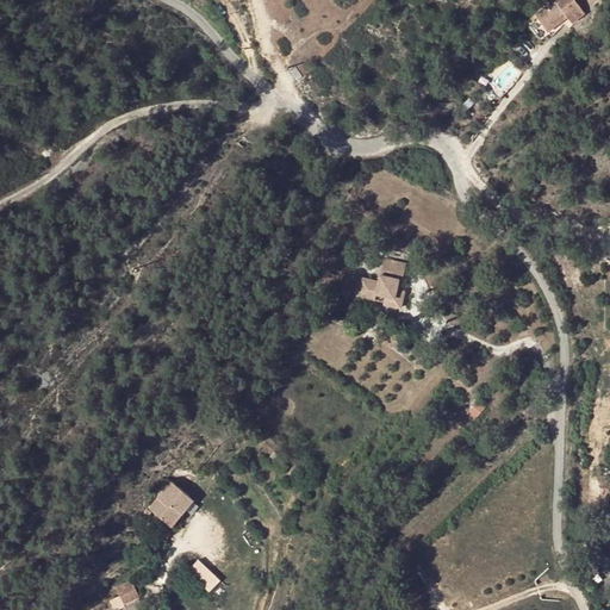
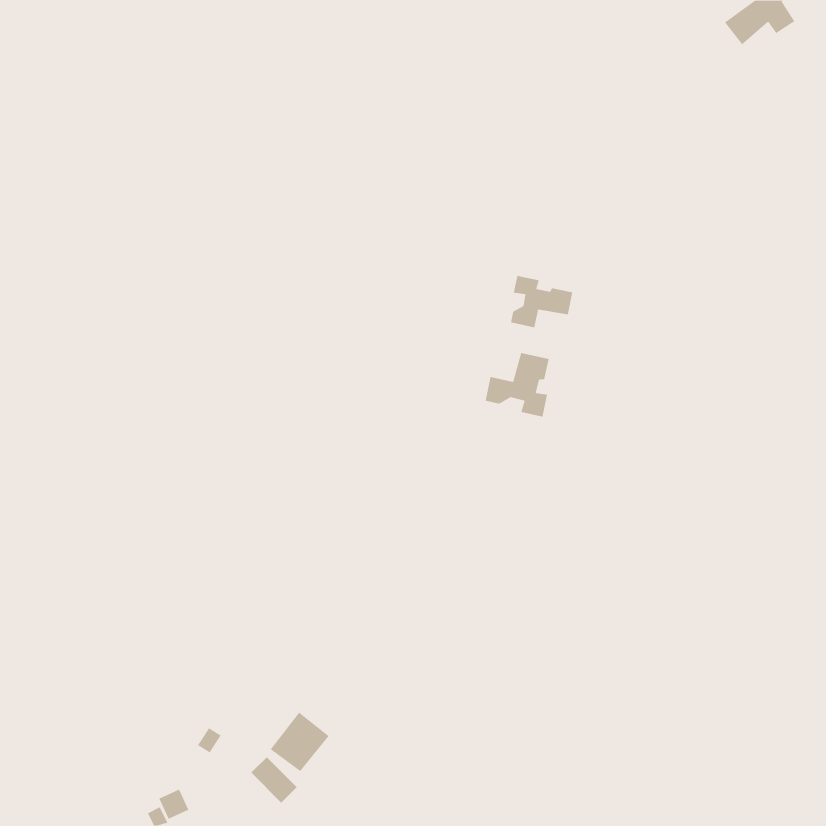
building: none -> [511,275,573,328]
building: [149,481,193,525] -> [270,712,330,772]

